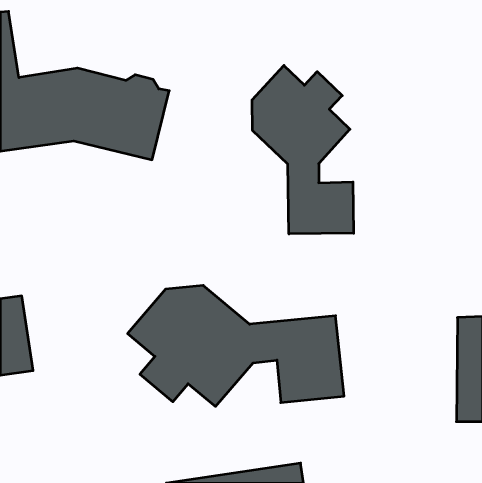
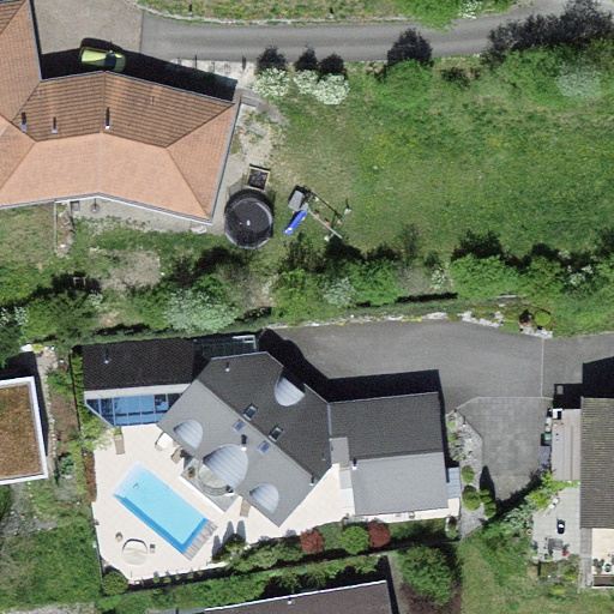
building: [252,65,354,234] -> none

